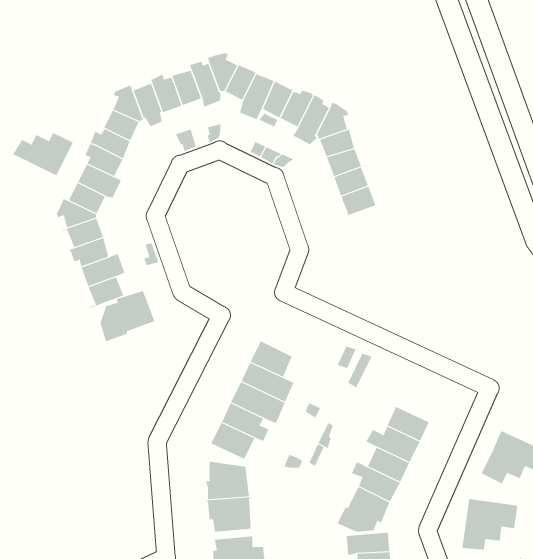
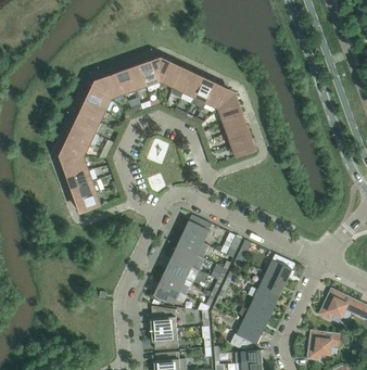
building: [13,132,73,176] -> none
building: [100,290,155,342] -> none
building: none -> [182,214,210,242]
building: none -> [265,254,294,282]

